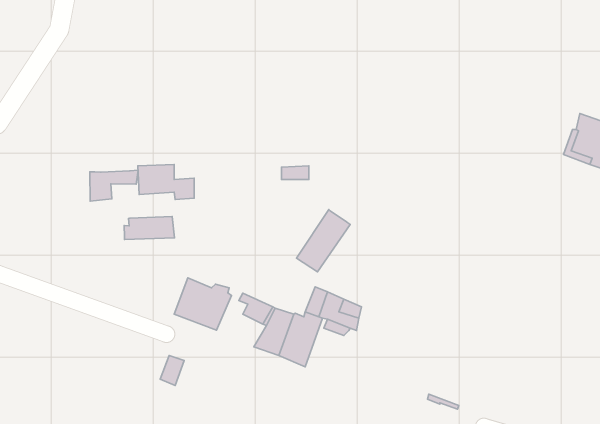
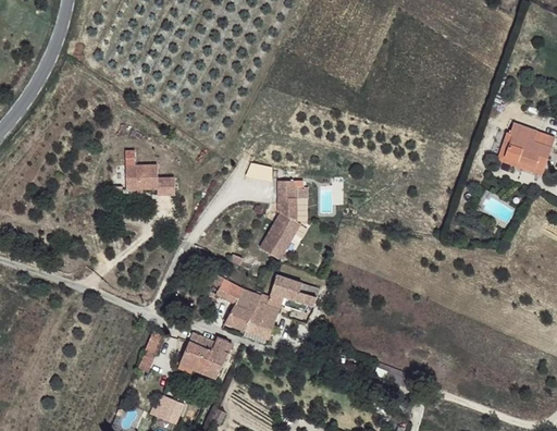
building: [90,170,138,201] -> none
building: none -> [288,172,308,214]
building: [124,216,174,239] -> none
building: [174,278,232,330] -> [180,334,230,380]

